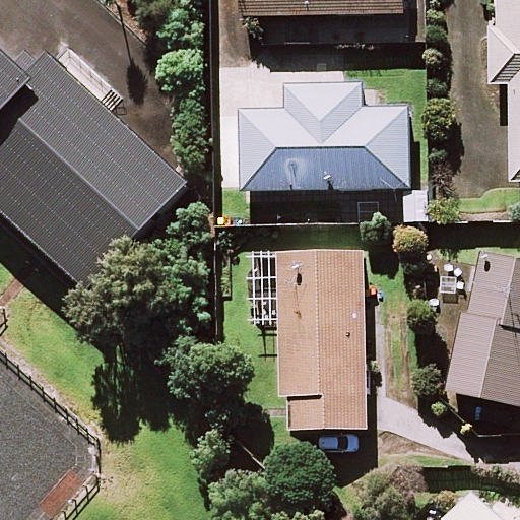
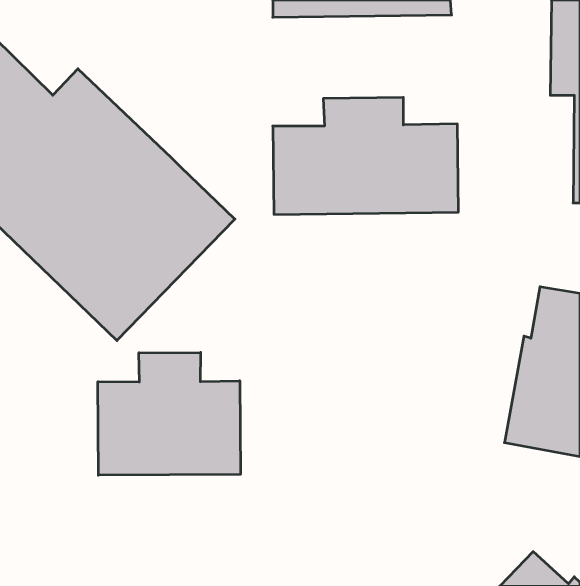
building: [277,249,364,429] -> none
building: none -> [98,352,240,475]

